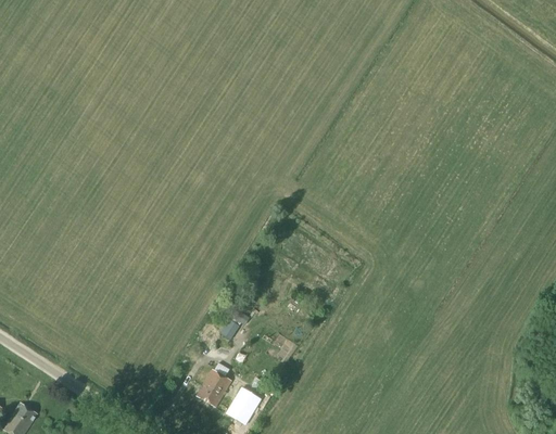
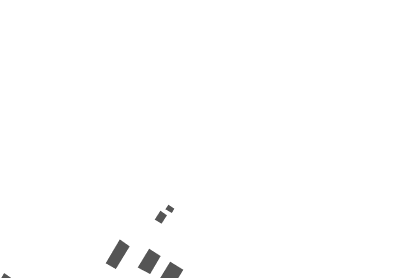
building: none -> [105,238,131,270]

